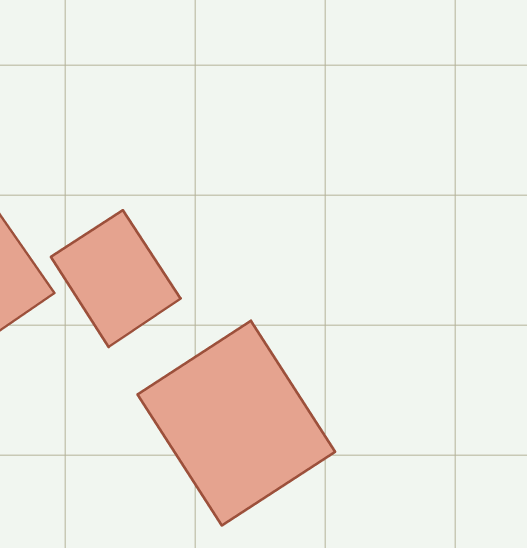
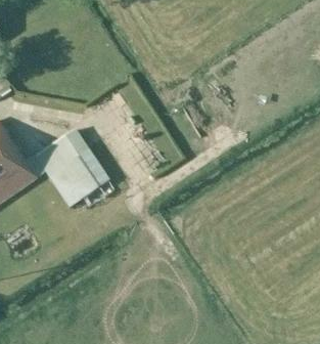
building: [138,321,335,525] -> none

